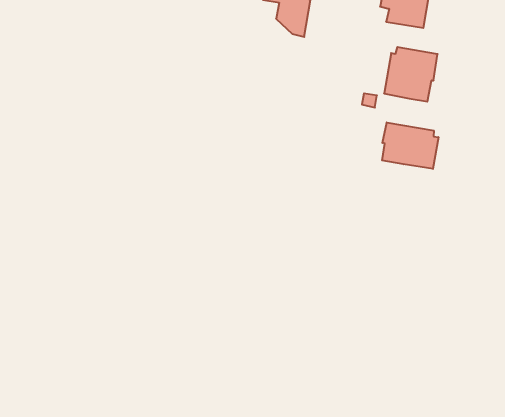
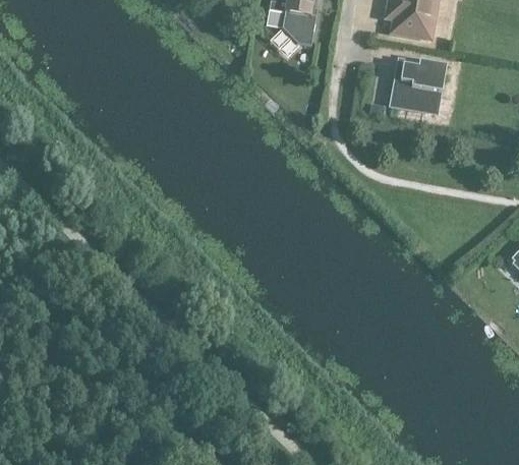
building: [382,122,438,169] -> none

